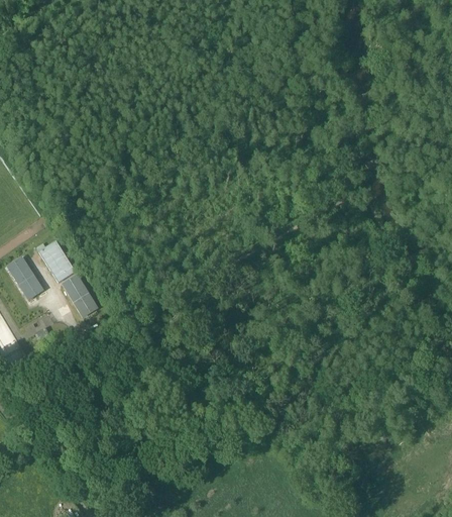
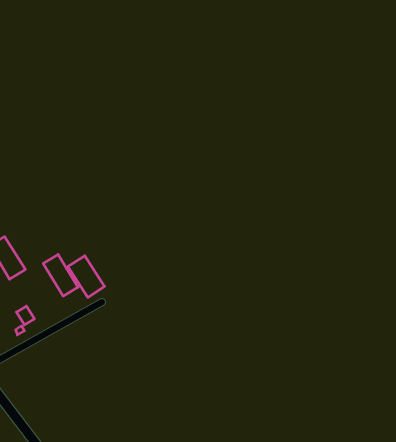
building: [38,239,76,282] -> [68,256,105,297]

